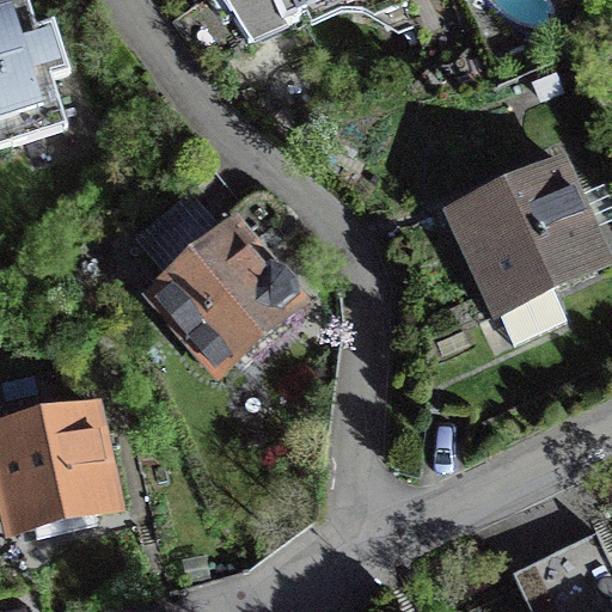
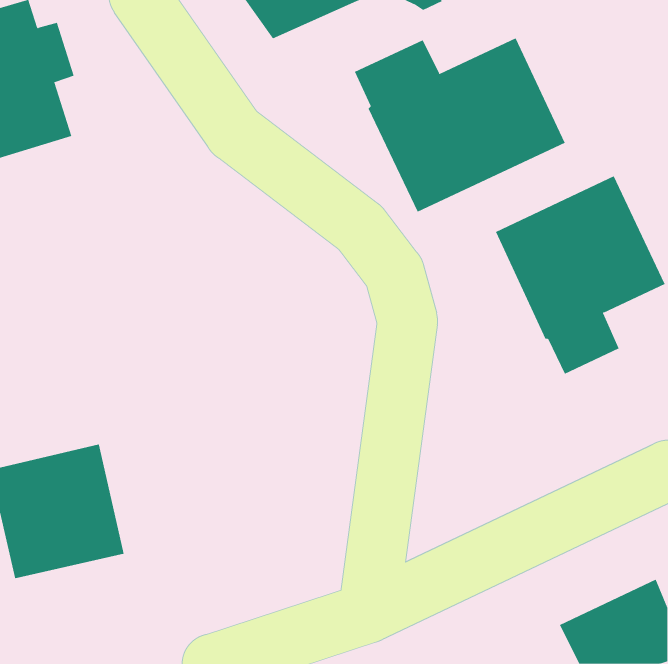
building: none -> [354,37,566,212]
building: [154,219,299,368] -> none

